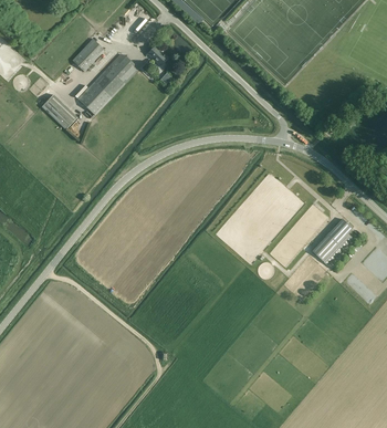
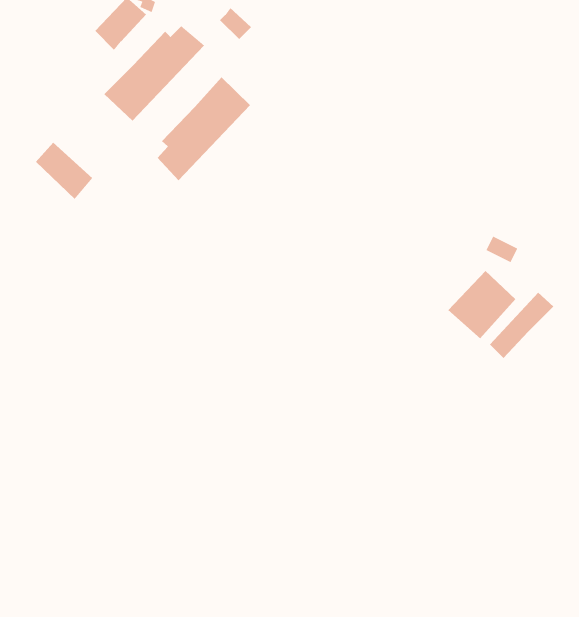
building: none -> [157,77,251,181]
building: [41,94,76,129] -> [35,142,93,200]

